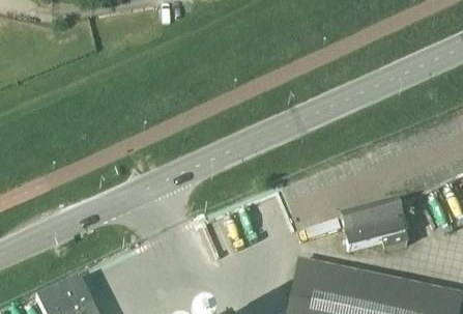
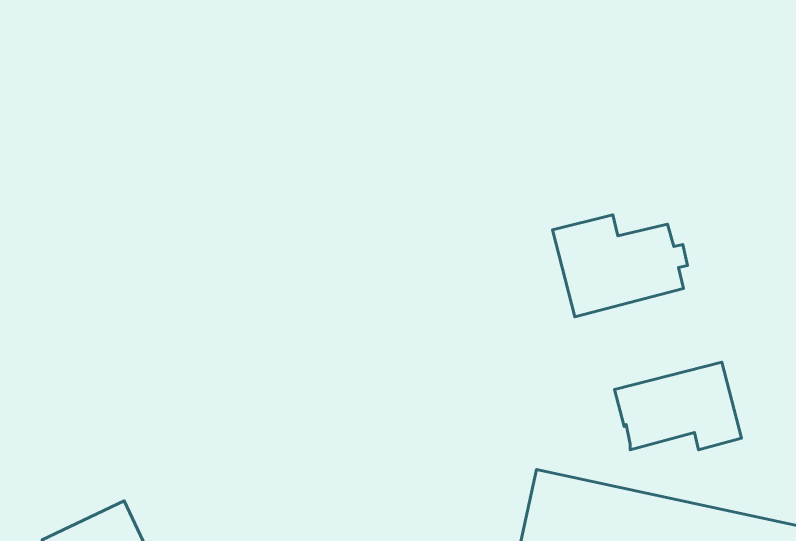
building: none -> [553,215,688,317]

